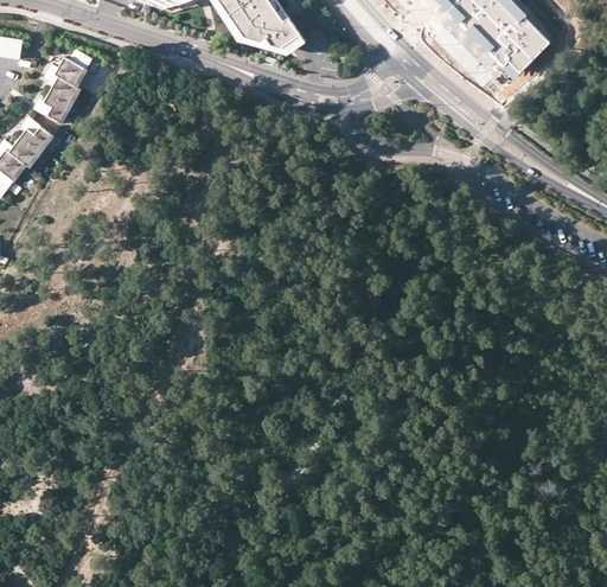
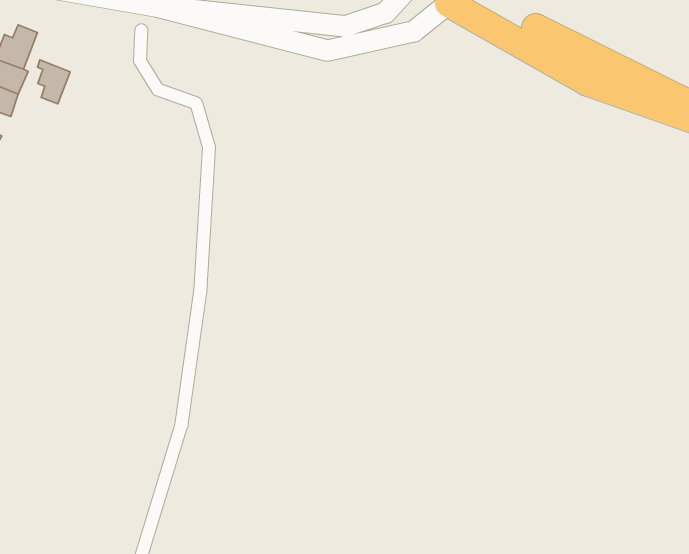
building: none -> [37,60,70,104]

